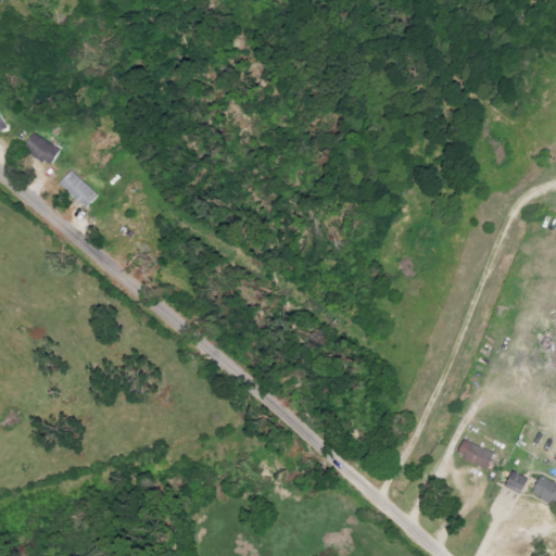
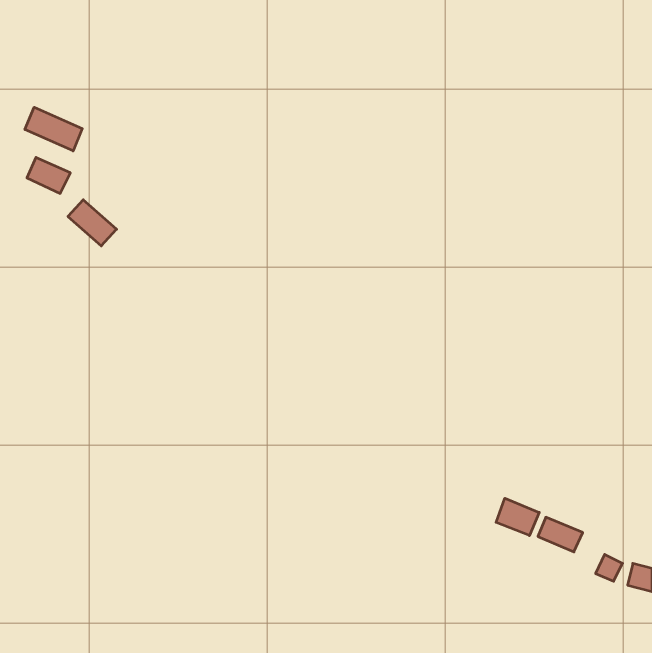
building: none -> [25,107,82,151]
building: none -> [496,498,539,536]

